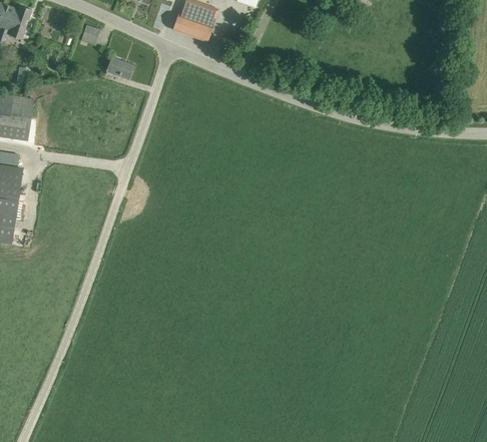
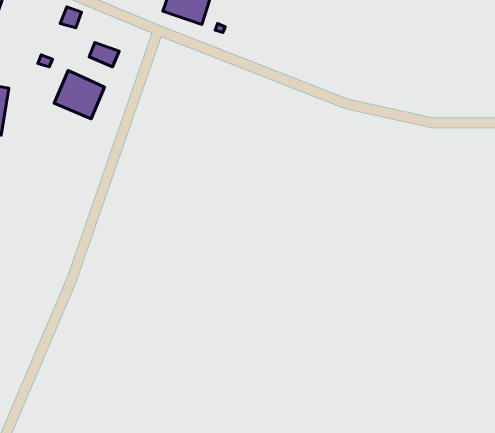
building: none -> [54,71,104,119]

